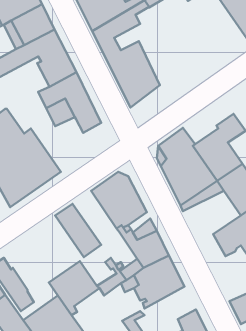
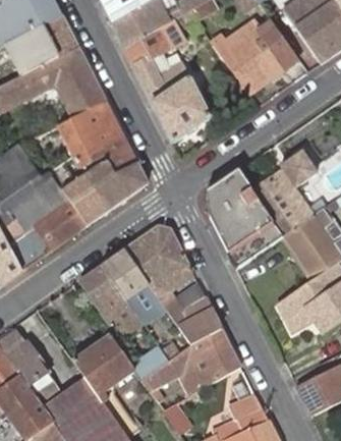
building: none -> [211,20,296,93]
building: none -> [49,158,148,224]
building: none -> [101,247,159,315]

